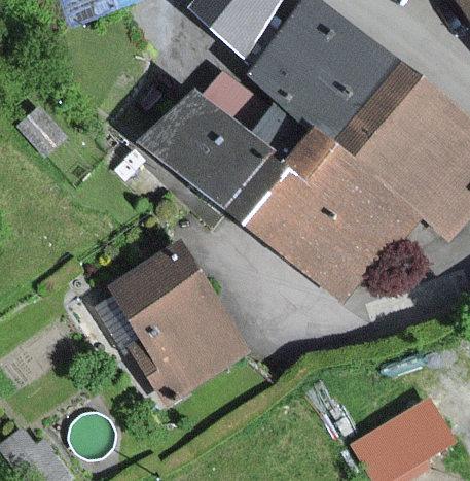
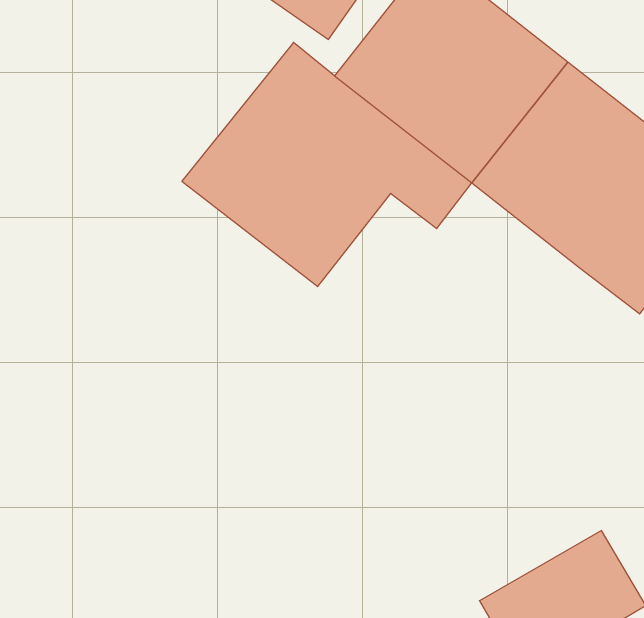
building: [237,150,413,302] -> none
building: [111,245,253,402] -> none

